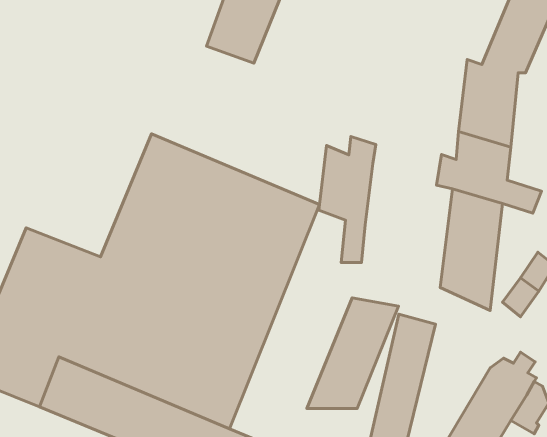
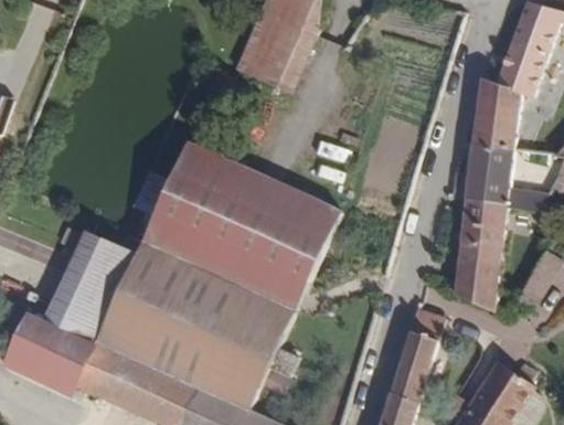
building: [319,137,376,263] -> none
building: [307,298,398,409] -> none

